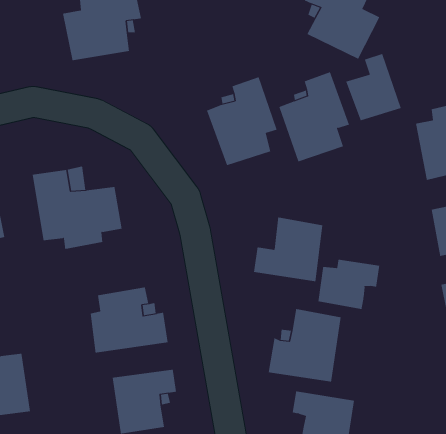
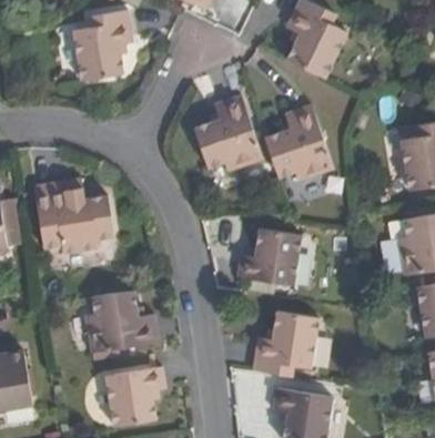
building: [345,53,402,121] -> none
building: [318,259,380,310] -> none

